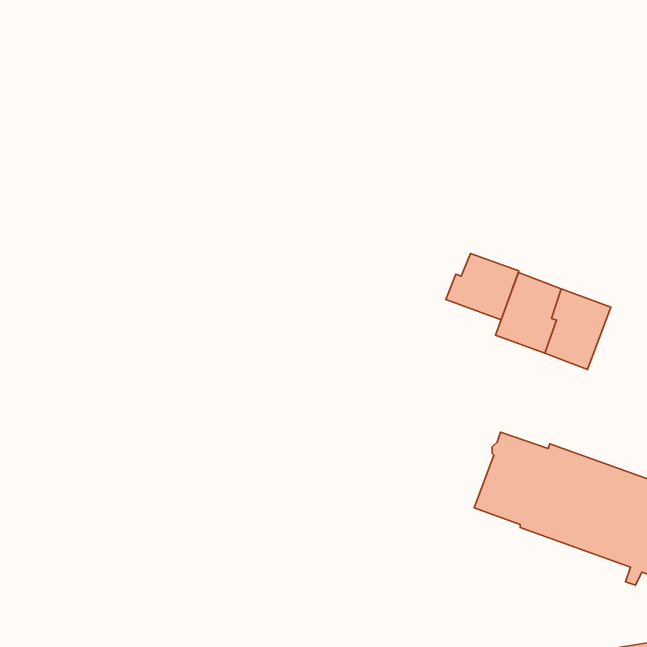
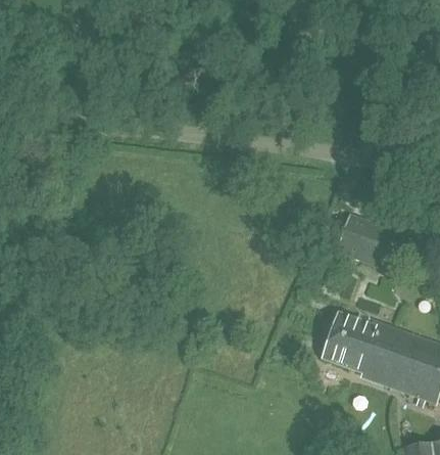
building: [446,254,519,320] -> none

